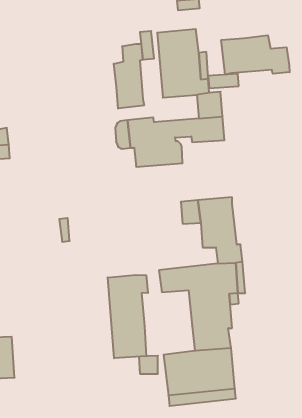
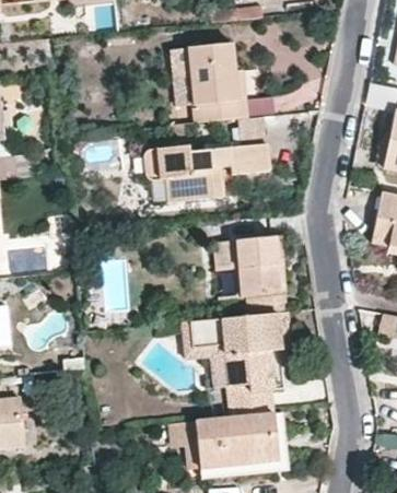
building: [221,35,290,75] -> none
building: [114,44,144,109] -> none
building: [108,275,148,358] -> none

